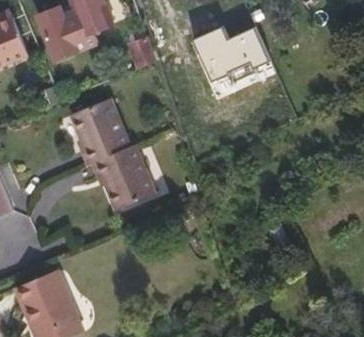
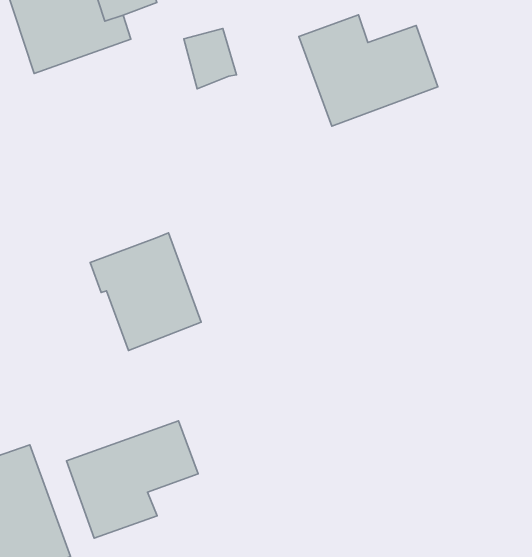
building: [62,105,121,171] -> none
building: none -> [67,421,198,538]

